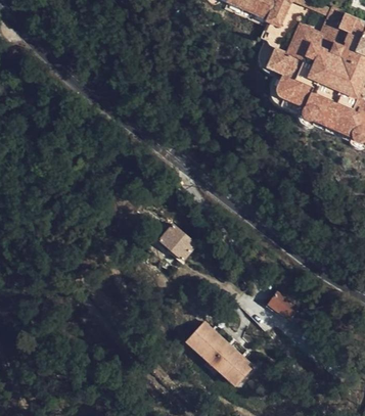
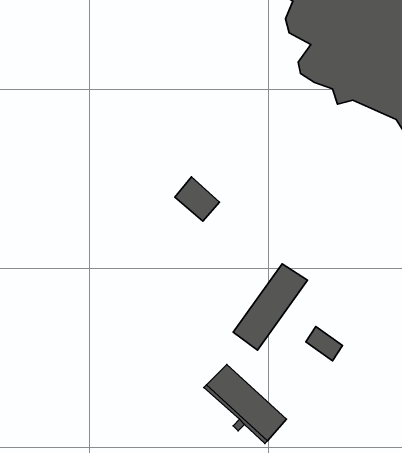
building: [163,228,198,264] -> [175,177,220,221]
building: none -> [233,264,307,350]

